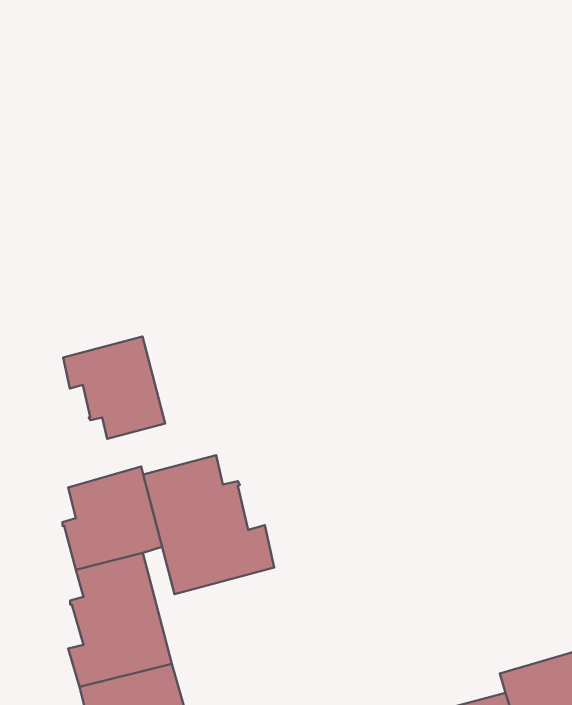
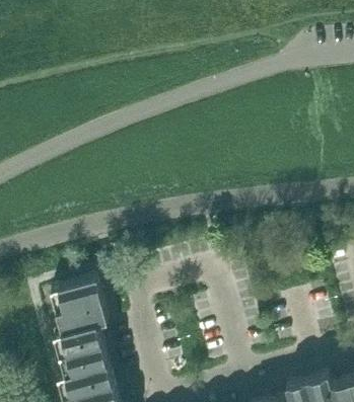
building: [63,336,165,439] -> none
building: [143,455,274,594] -> none

